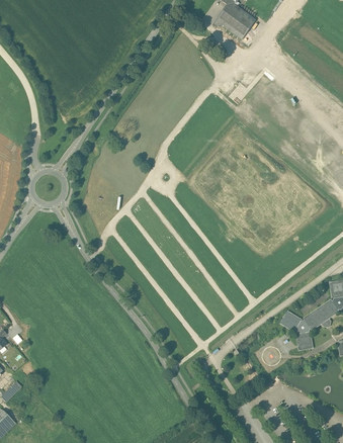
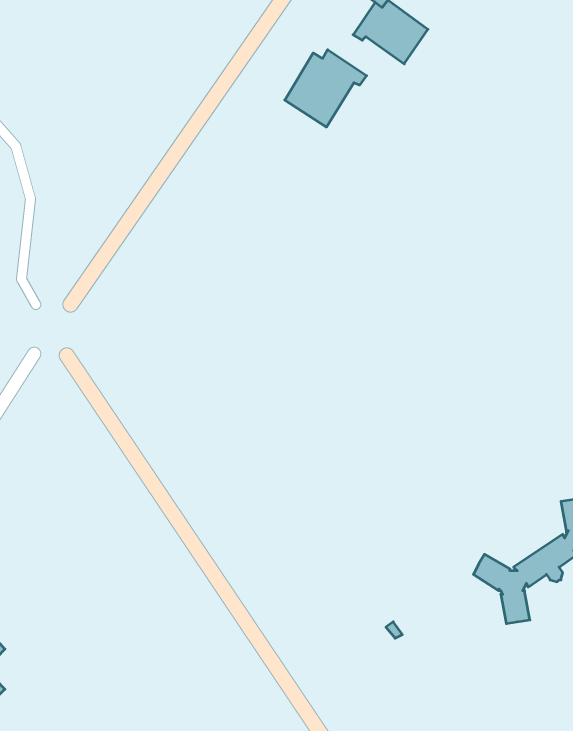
building: none -> [285,50,367,127]

